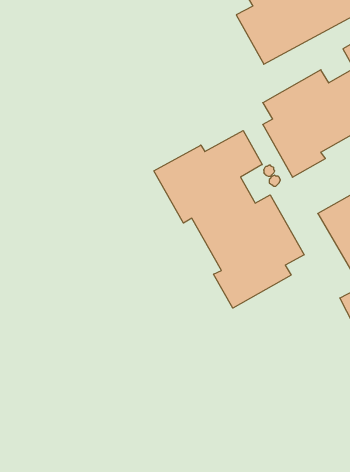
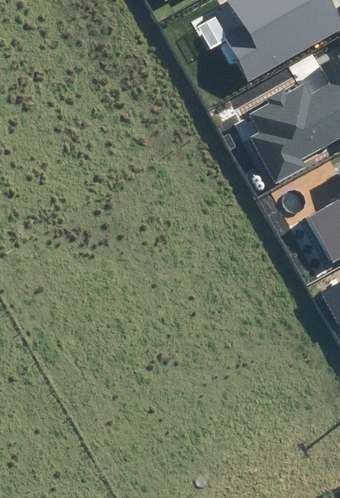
building: [154,131,304,308] -> none

